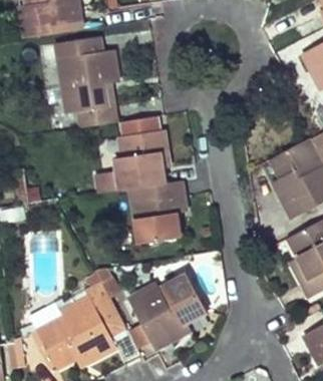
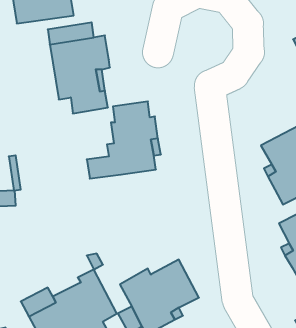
building: [129,181,186,244] -> none

